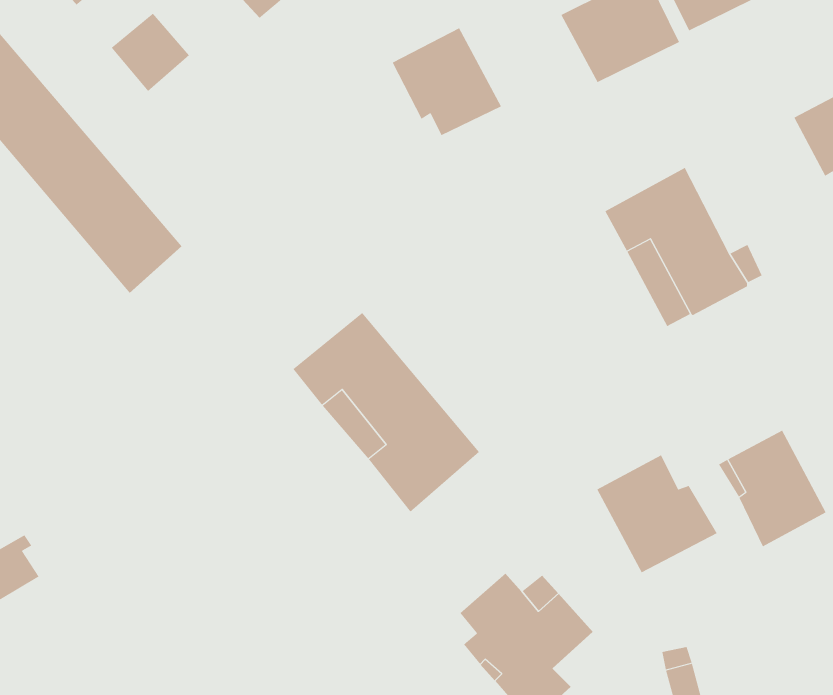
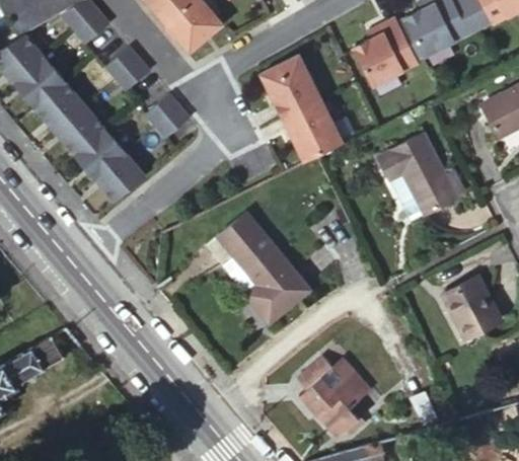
building: none -> [146,93,190,137]
building: none -> [288,98,345,162]
building: [597,455,717,573] -> none

